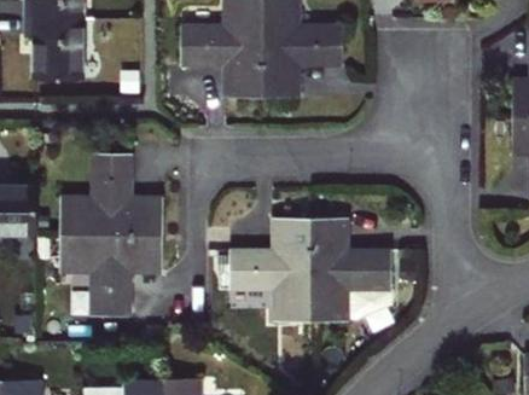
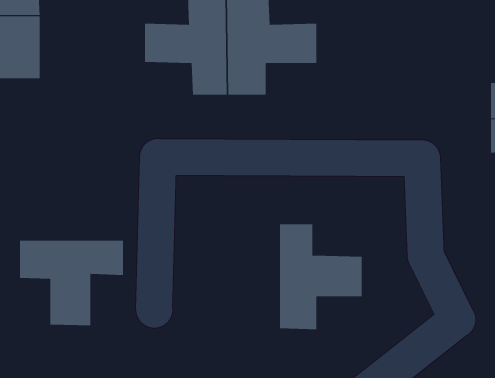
building: [60,152,162,234] -> none
building: [231,219,310,319] -> none

